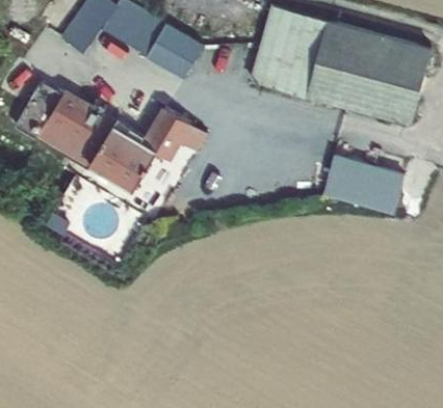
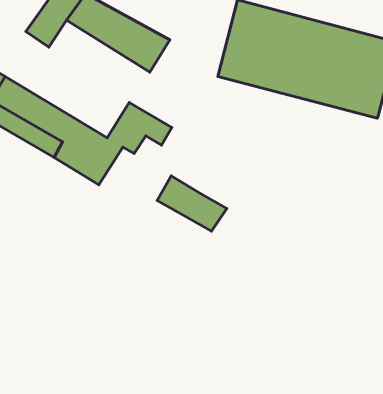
building: [323,156,402,213] -> none
building: none -> [157,176,227,231]

